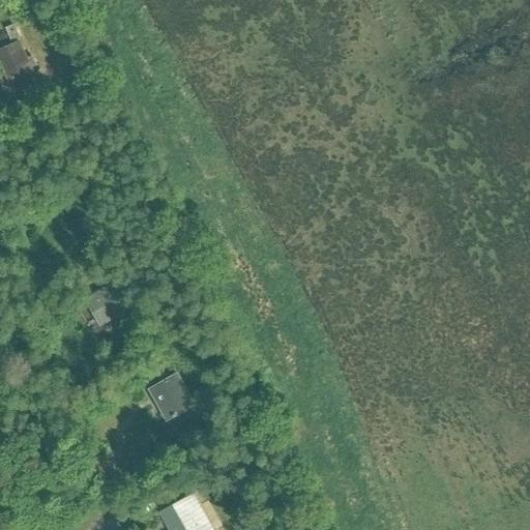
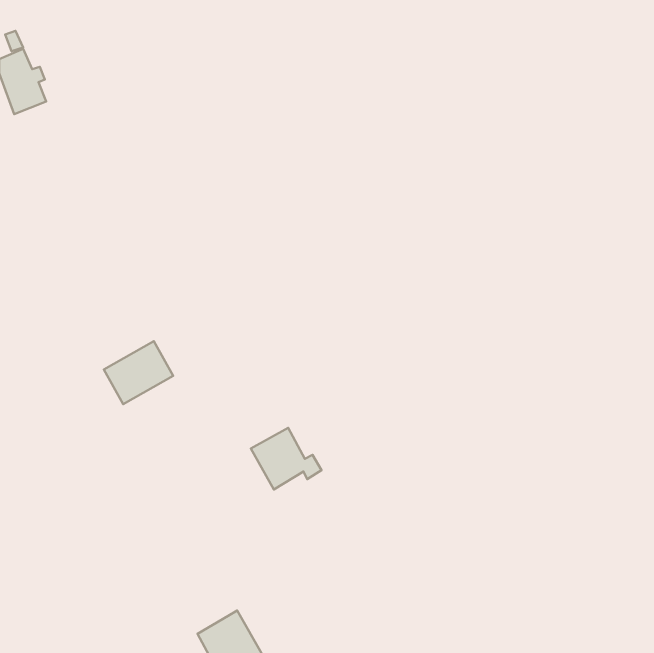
building: [147,375,204,424] -> [251,428,321,490]

